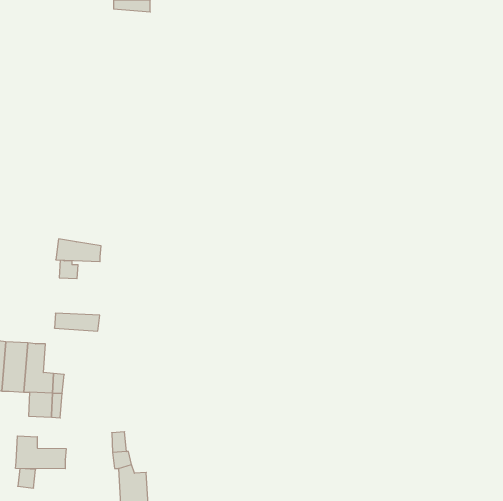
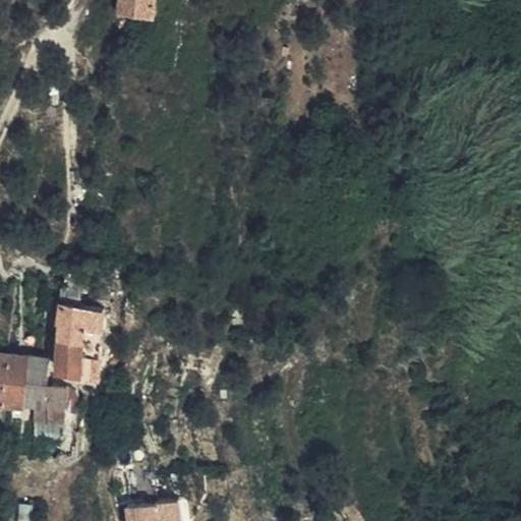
building: [56,239,101,262] -> [57,305,104,329]
building: none -> [55,342,101,375]
building: [16,436,66,469] -> none

